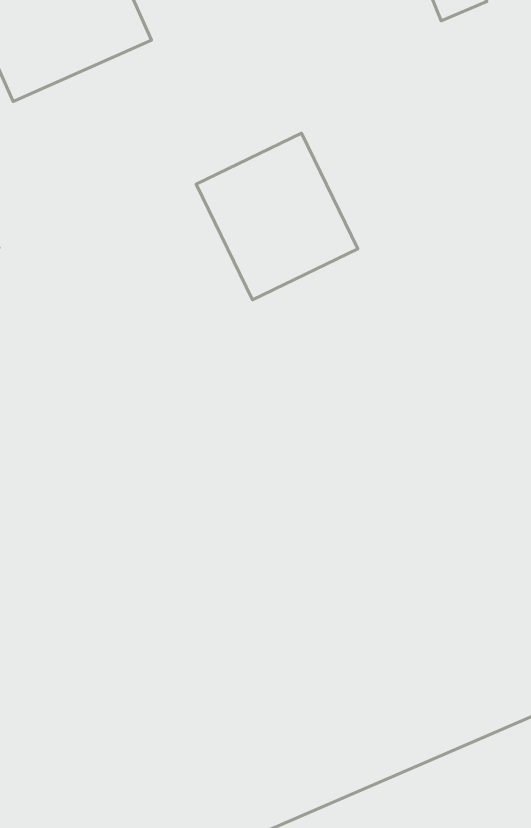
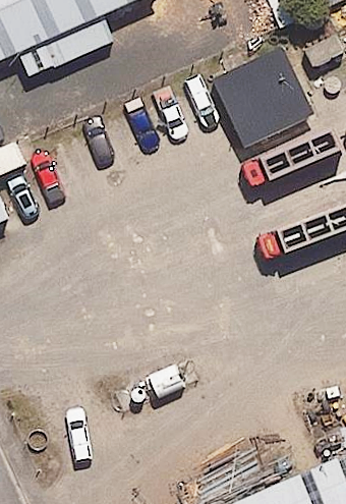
building: [196,133,358,300] -> [214,51,307,148]

